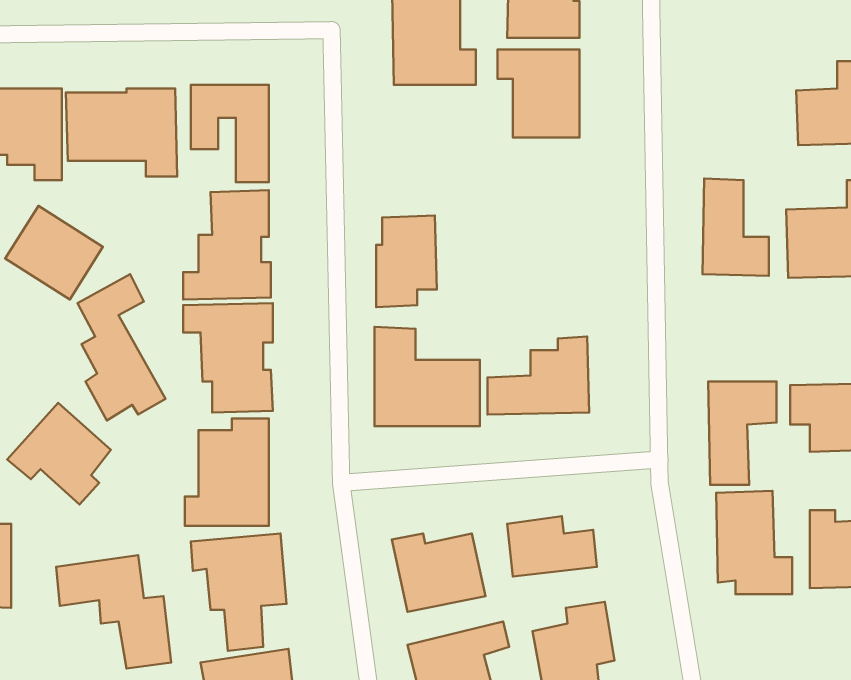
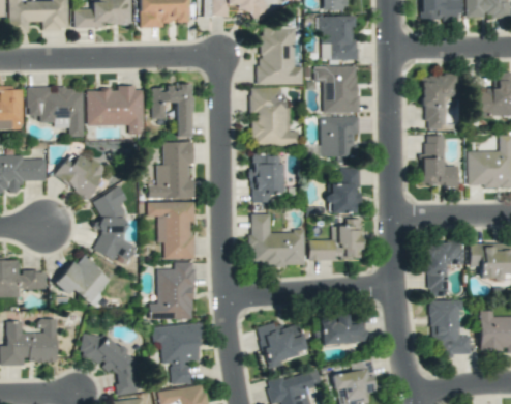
building: none -> [423,75,459,129]
building: none -> [251,87,298,145]
building: none -> [320,117,359,158]
building: none -> [329,168,361,213]

